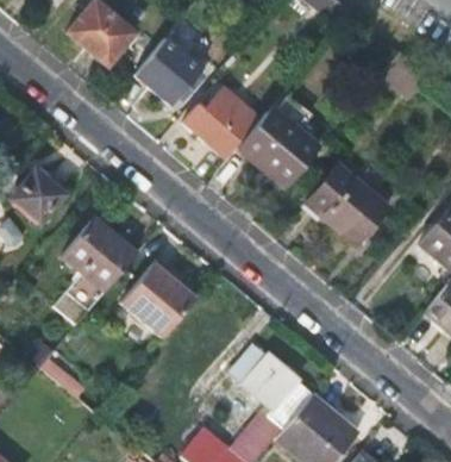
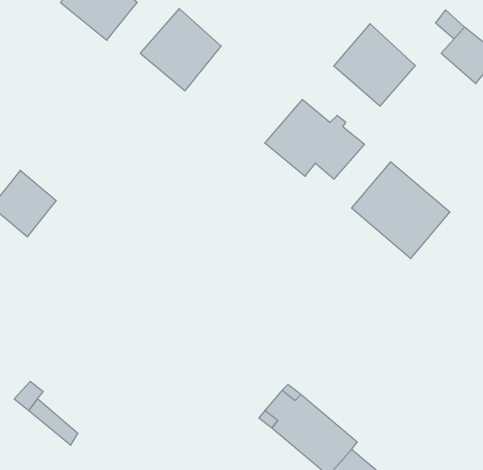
building: none -> [334,24,415,106]
building: [183,86,257,155] -> none
building: [56,220,136,325] -> none
building: [123,257,198,337] -> none

